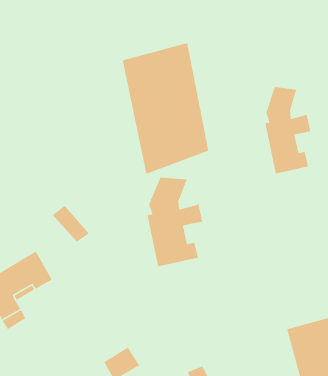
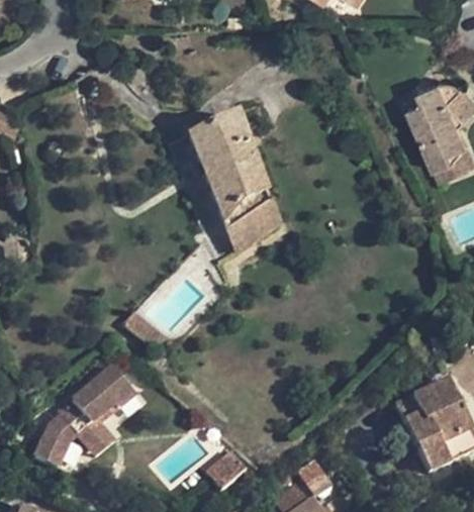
building: [264,86,311,175] -> none
building: [147,177,203,267] -> none

